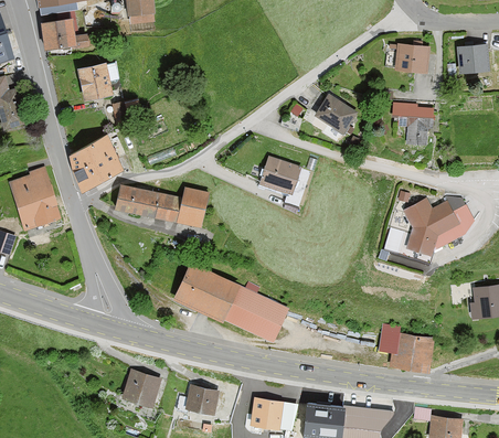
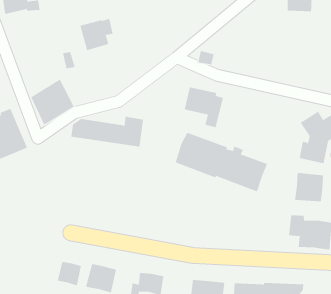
building: [76,63,118,102] -> [79,18,114,51]
building: [314,94,357,133] -> none
building: [392,103,433,145] -> none
building: [172,260,288,341] -> [175,132,268,192]
building: none -> [294,172,323,202]
building: none -> [57,261,82,286]

